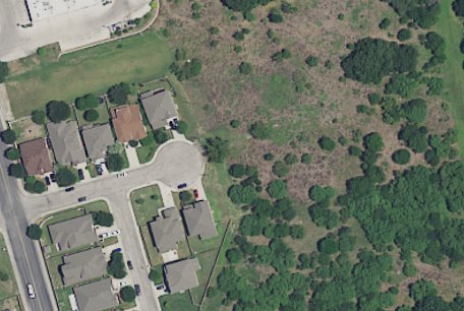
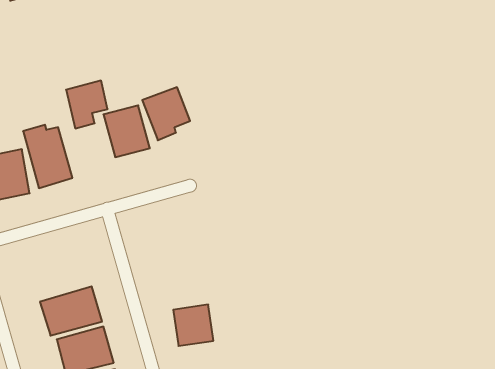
building: [82,123,115,161] -> [66,81,108,128]
building: [182,199,216,239] -> none
building: [150,206,183,252] -> none
building: [48,213,97,250] -> none

